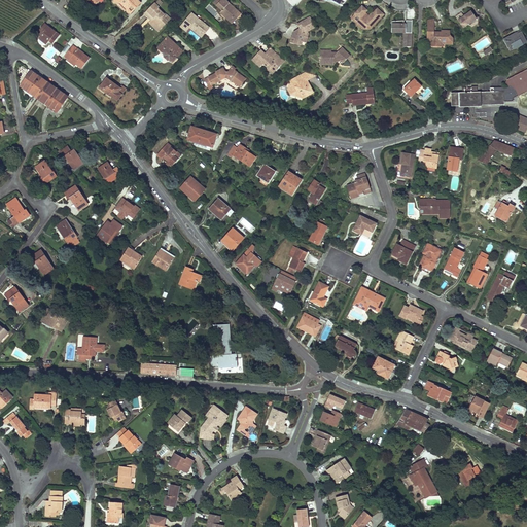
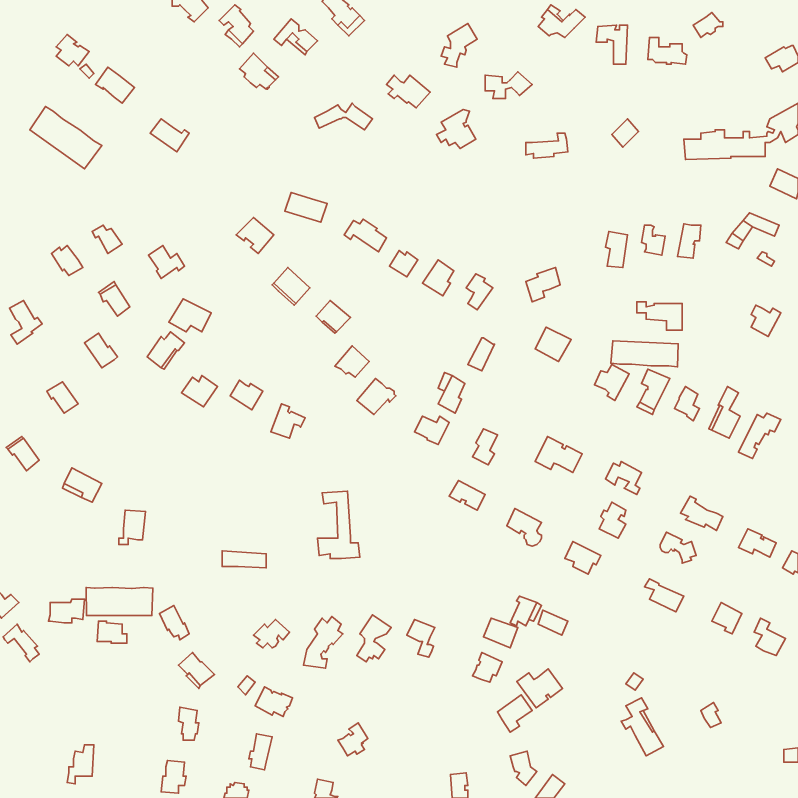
building: none -> [611,341,678,367]
building: none -> [86,587,153,616]
building: [395,409,429,431] -> none
building: none -> [517,669,563,708]

